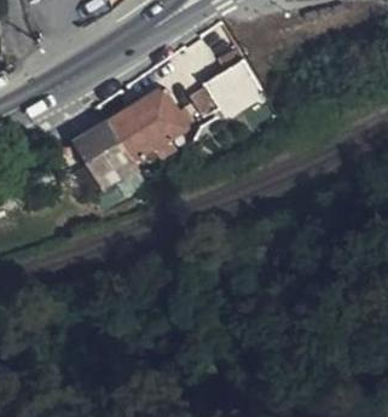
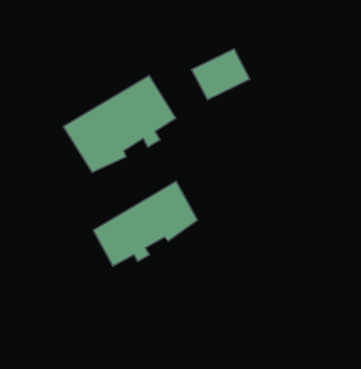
building: none -> [93,181,197,266]

